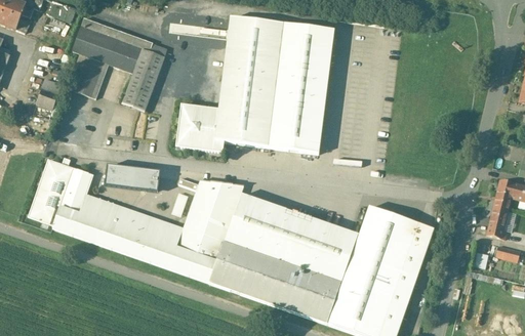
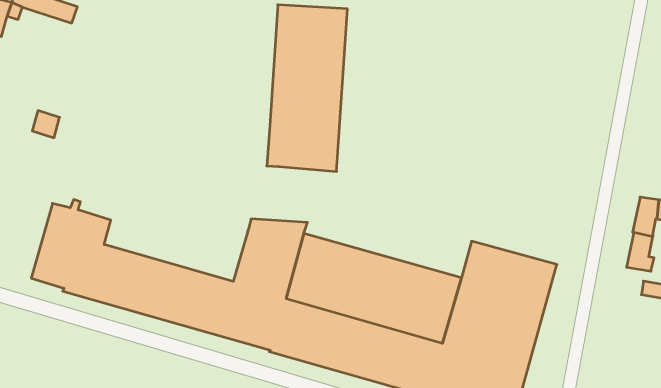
building: [73,17,166,110] -> none
building: [268,23,334,153] -> none
building: [176,103,224,152] -> none
building: [105,165,159,192] -> none

